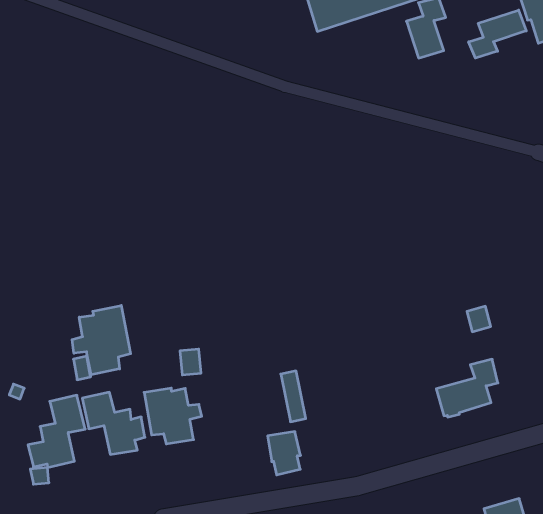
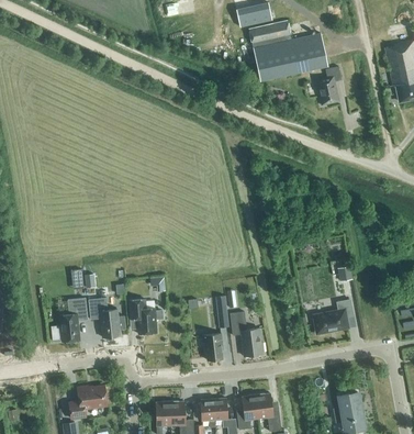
building: [469,10,526,58] -> none
building: [72,305,131,375] -> none
building: none -> [230,312,264,356]

